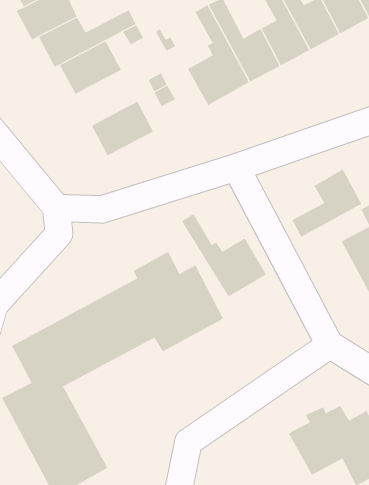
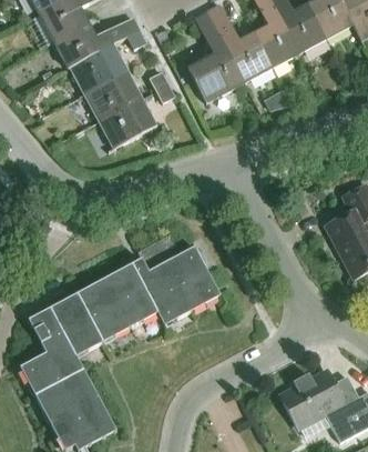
building: none -> [85,70,142,120]
building: [291,168,362,237] -> none
building: [181,213,267,298] -> none

